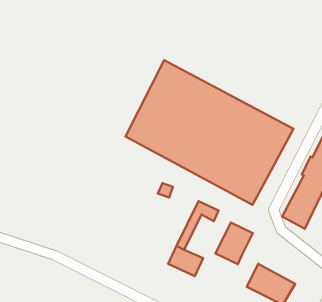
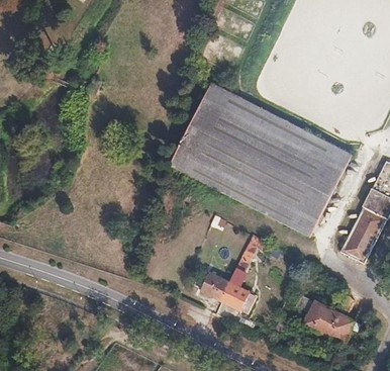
building: [216,223,253,264] -> none
building: none -> [199,270,228,299]

